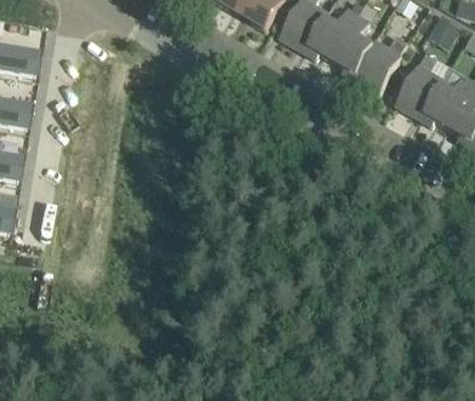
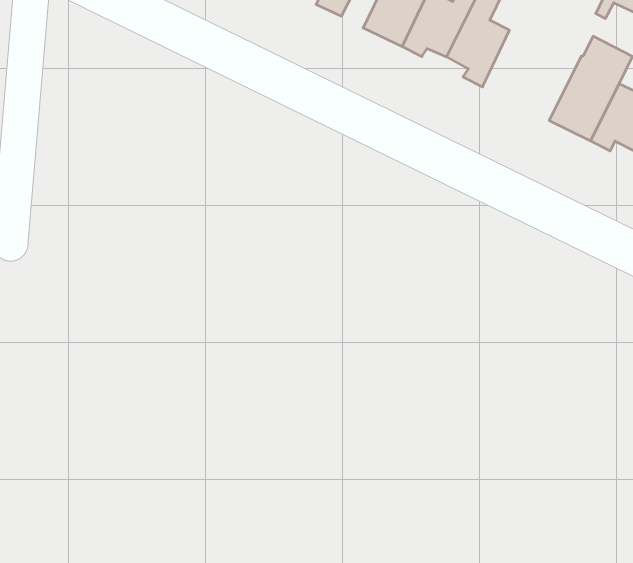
building: [353,35,406,94] -> none

